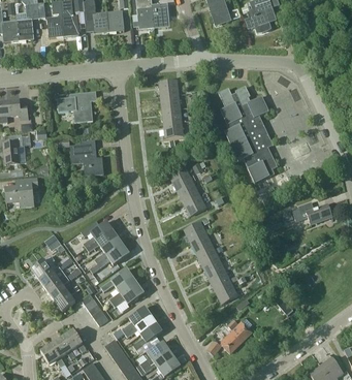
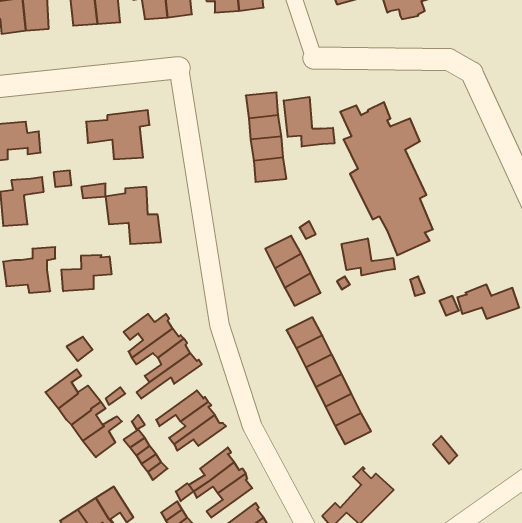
building: none -> [284,97,334,147]
building: none -> [342,238,395,275]
building: none -> [61,255,111,291]

